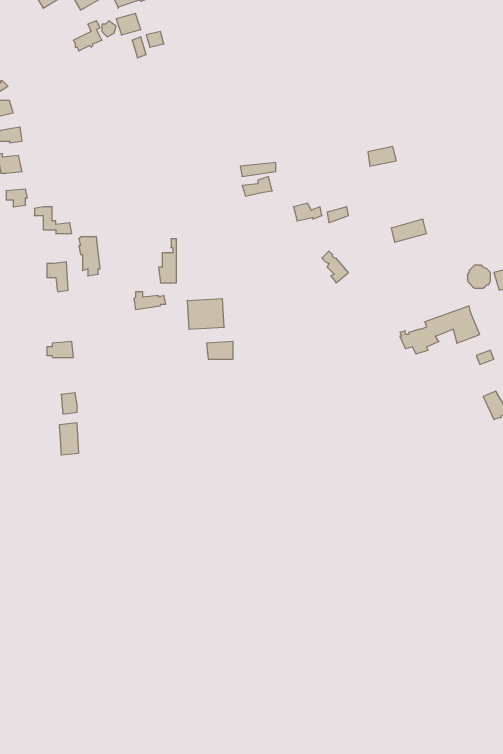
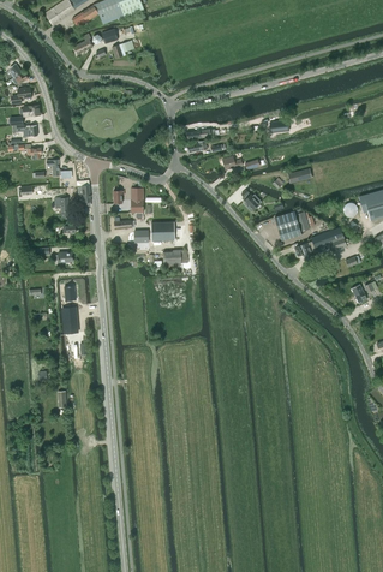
building: none -> [275,211,315,240]

